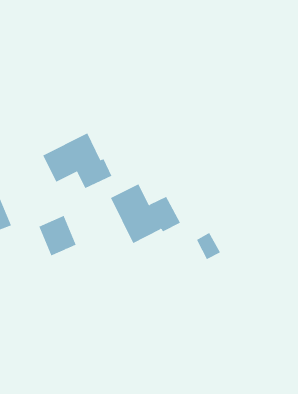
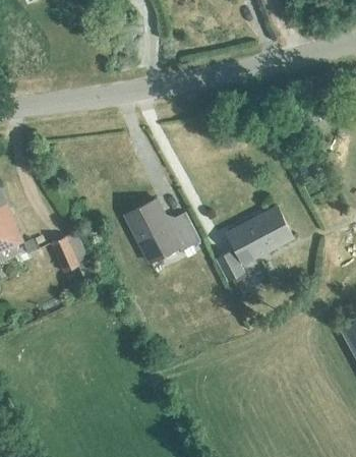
building: [43,133,112,189] -> none
building: none -> [229,209,294,266]

